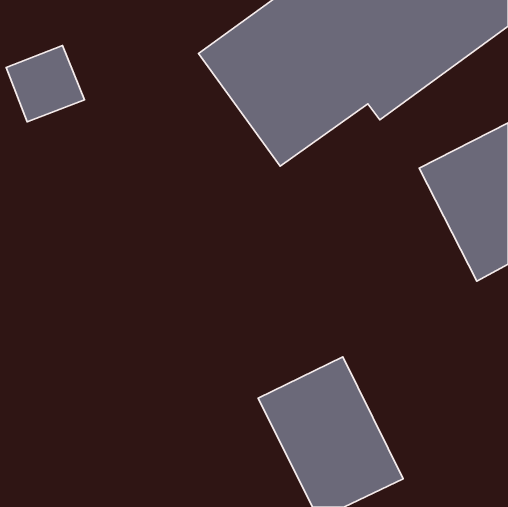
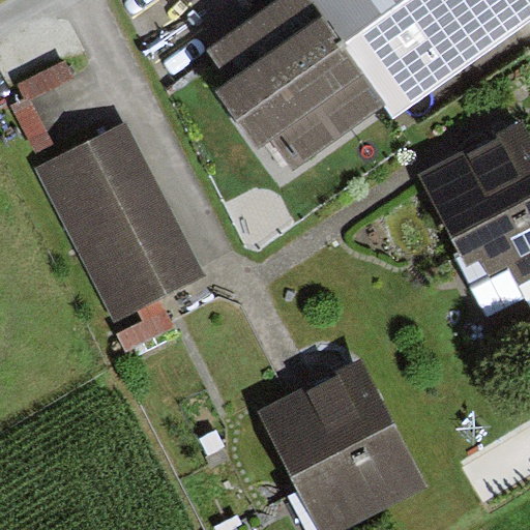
building: none -> [41,130,197,319]

